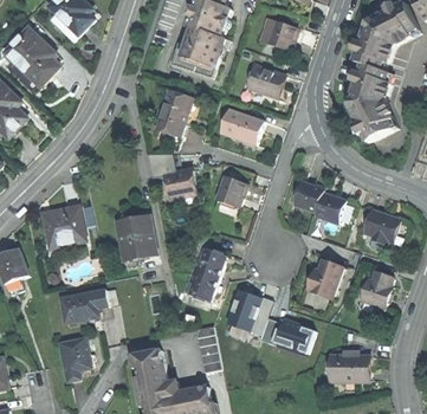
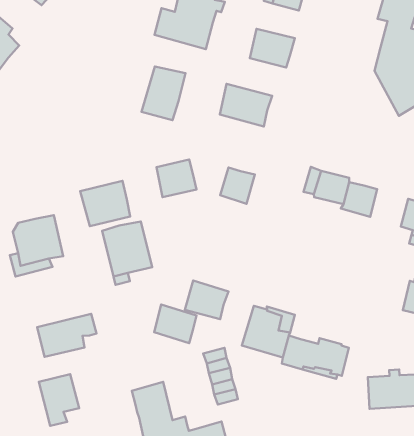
building: none -> [80,181,130,226]
building: [189,244,225,277] -> [154,304,196,343]
building: [308,258,342,296] -> none

